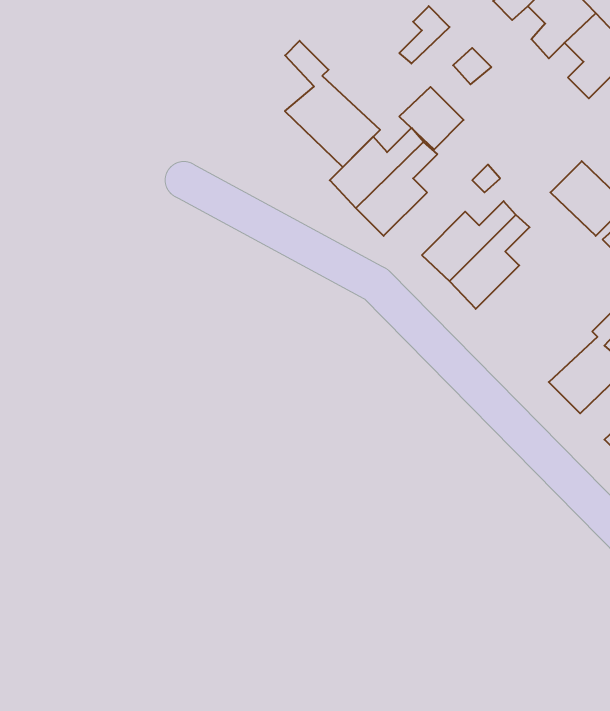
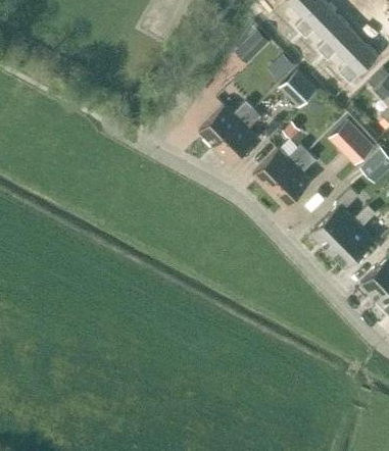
building: [285,41,380,167] -> none
building: [399,87,464,149] -> [278,69,315,106]
building: none -> [310,188,358,250]

